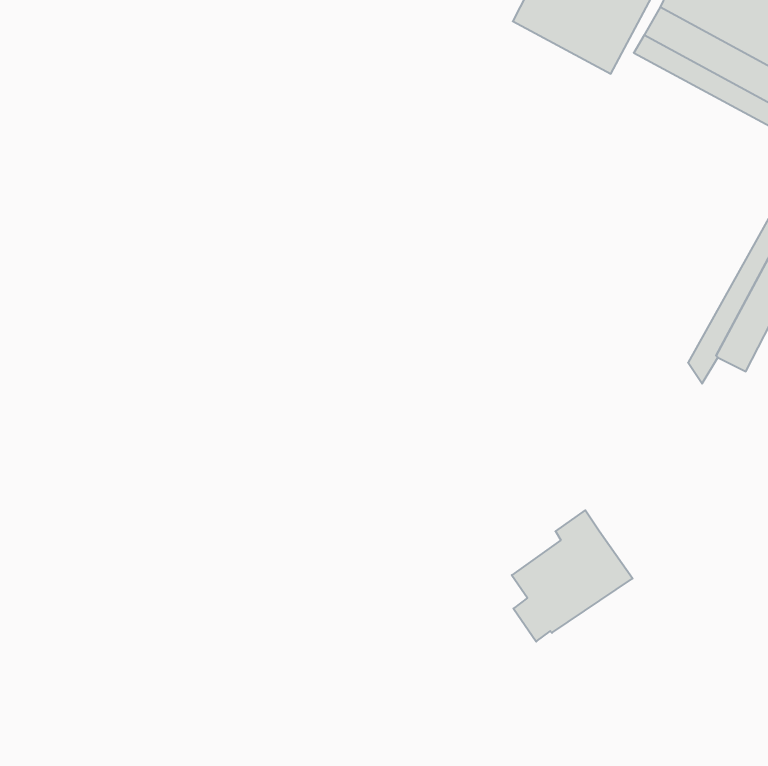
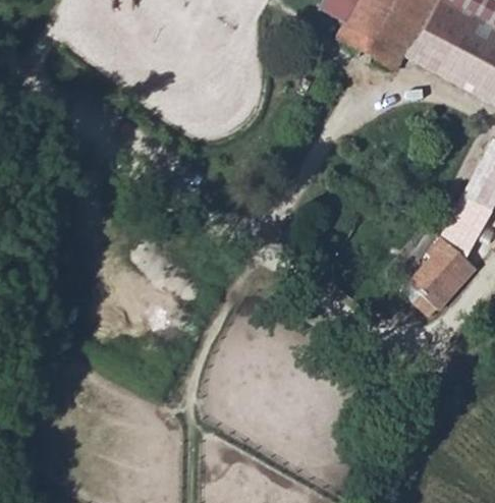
building: [512,510,633,642] -> [402,236,473,313]

